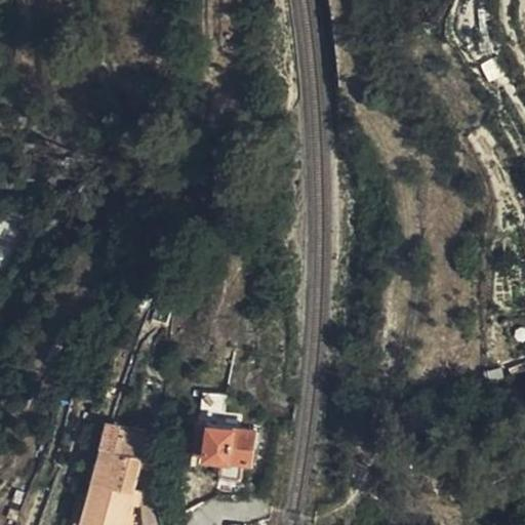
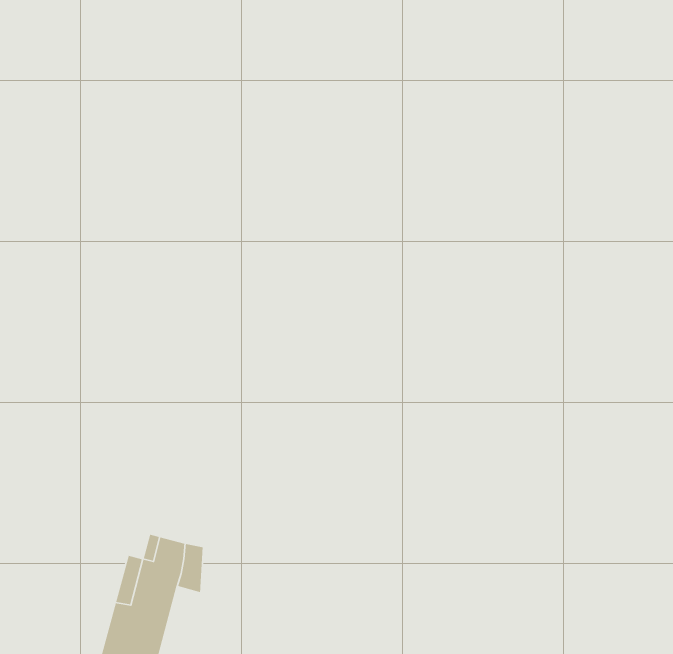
building: [194,422,257,479] -> none

